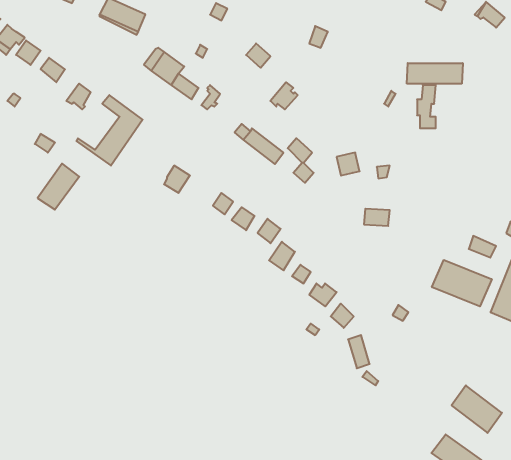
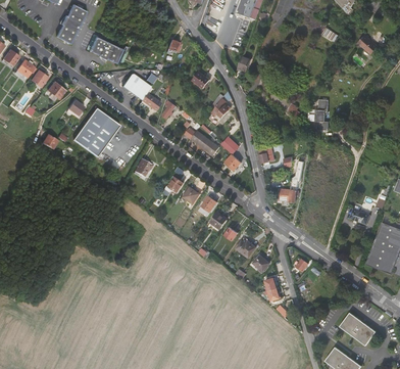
building: [407,63,463,84] -> none
building: [38,164,79,210] -> [74,112,104,145]
building: [432,260,492,306] -> none

